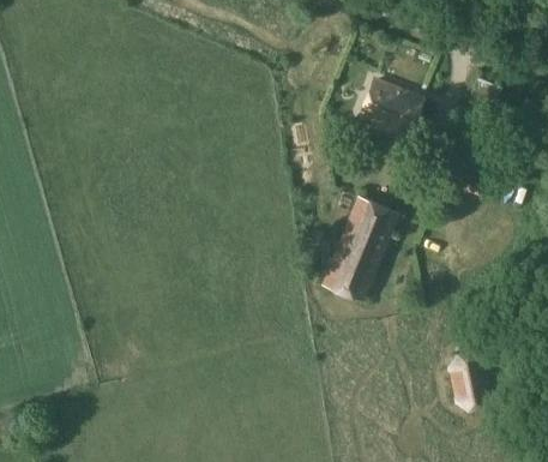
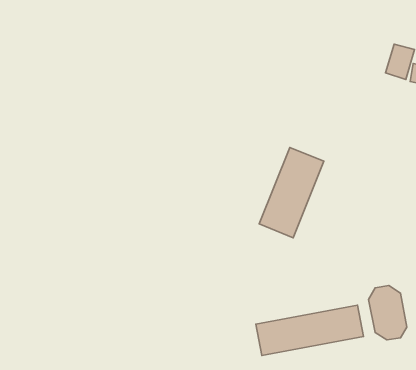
building: [361,80,420,133] -> none
building: none -> [256,305,363,356]

